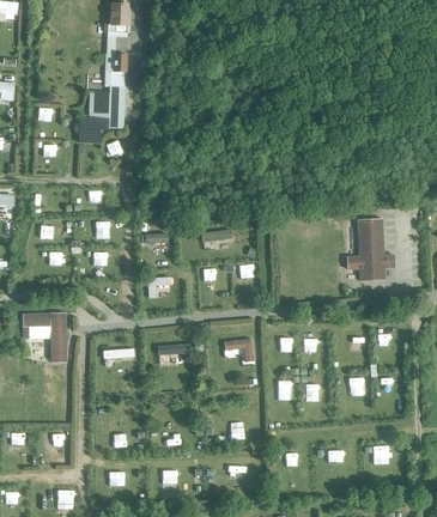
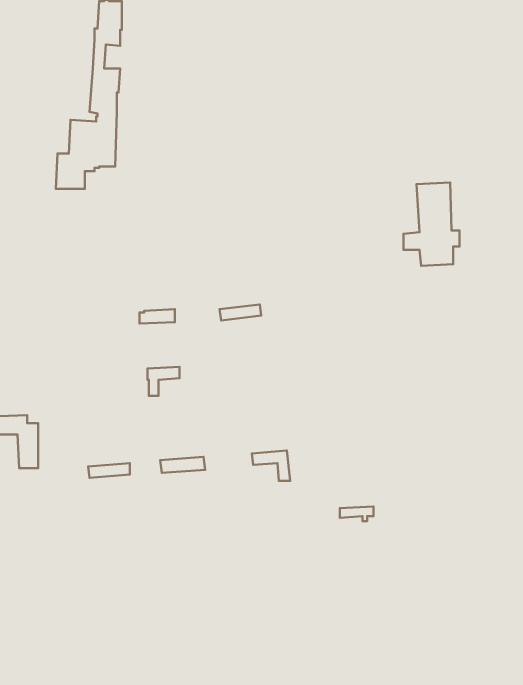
building: [347,219,389,281] -> [403,182,460,266]

